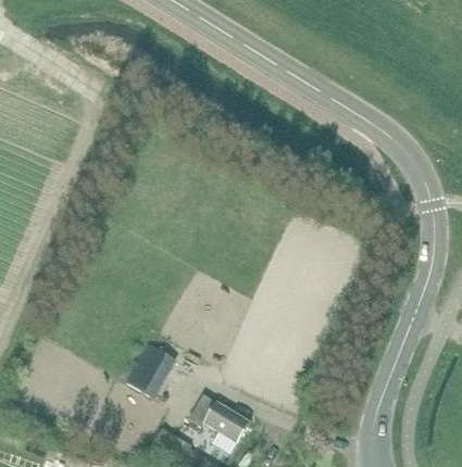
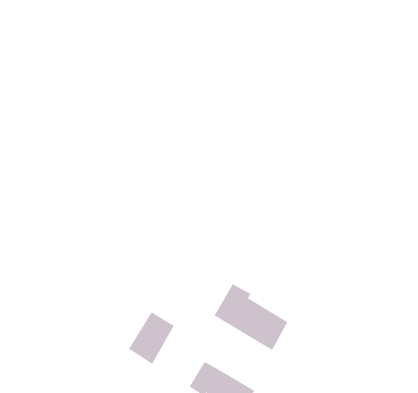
building: none -> [214,283,288,351]

